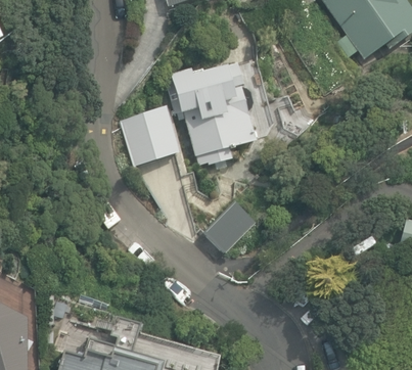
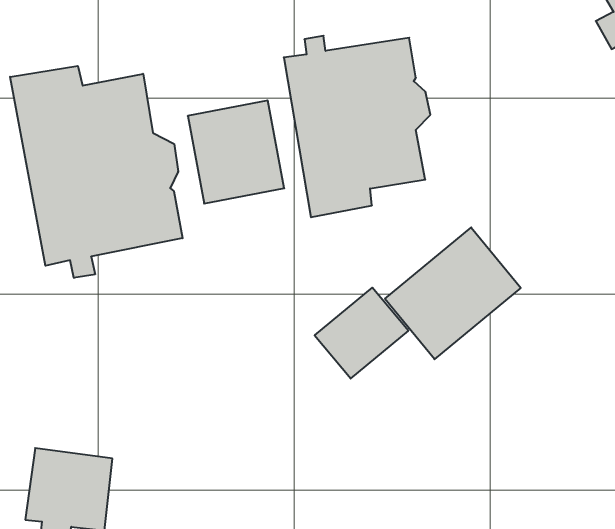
building: none -> [10,66,183,278]
building: none -> [385,227,521,359]

